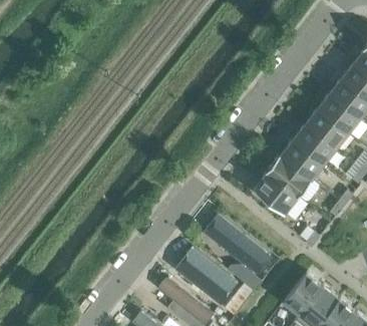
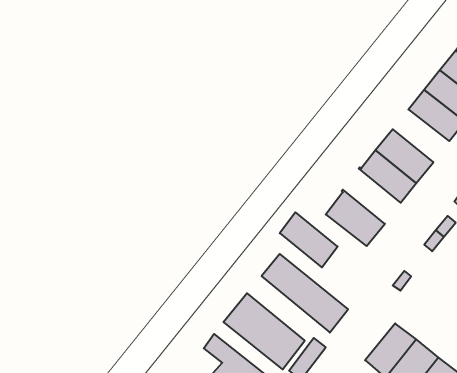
building: [305,109,348,149] -> none
building: [267,154,311,197] -> [280,212,338,267]

